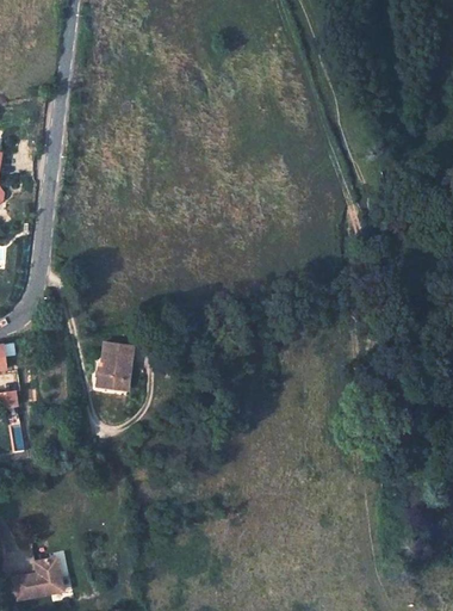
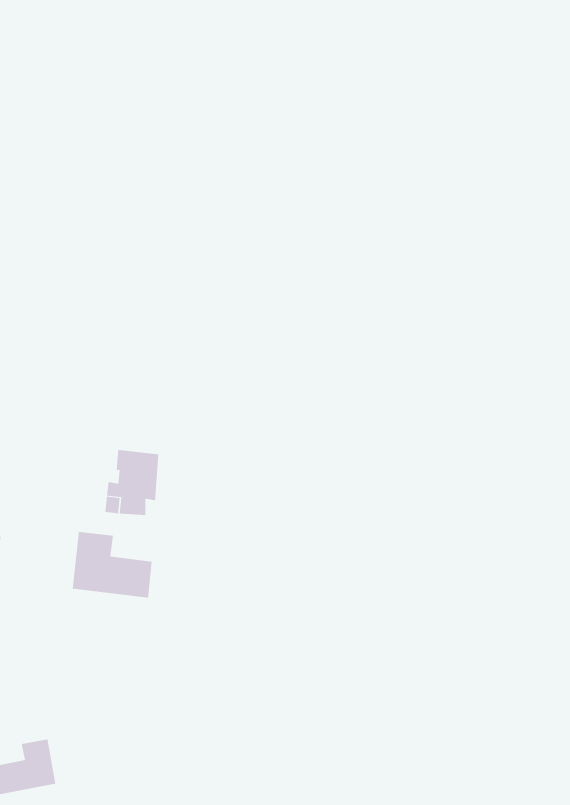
building: none -> [72,531,152,599]

